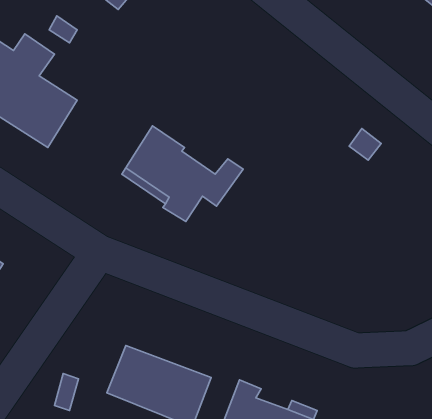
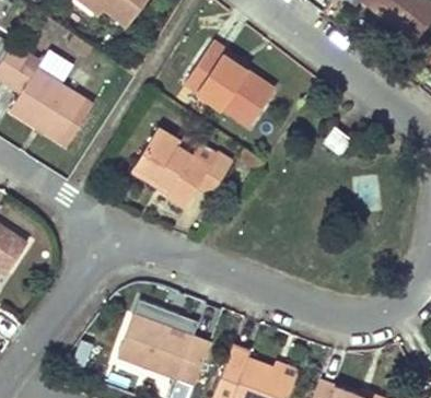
building: none -> [185,40,273,125]

